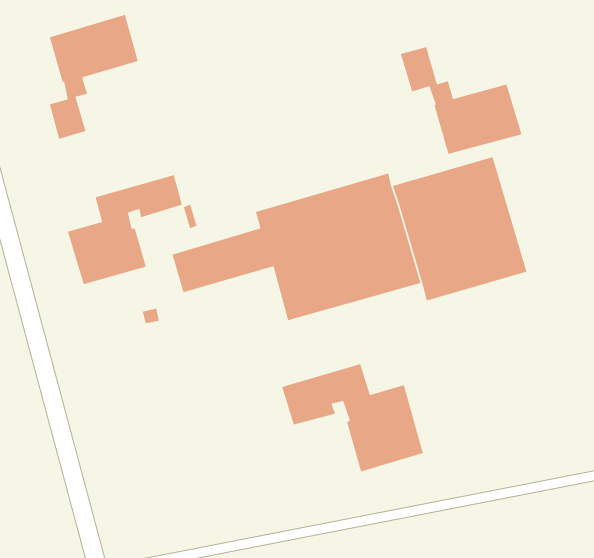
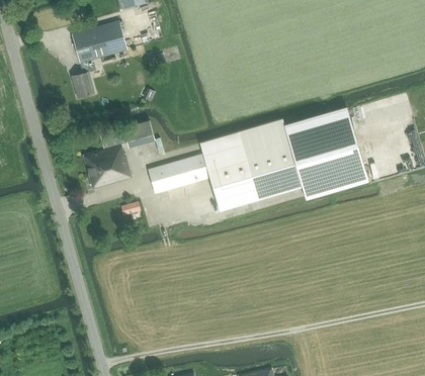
building: [400,46,523,155] -> none
building: [281,363,424,472] -> none

